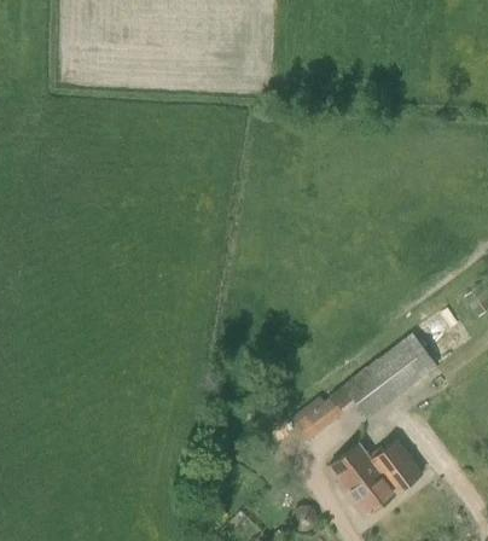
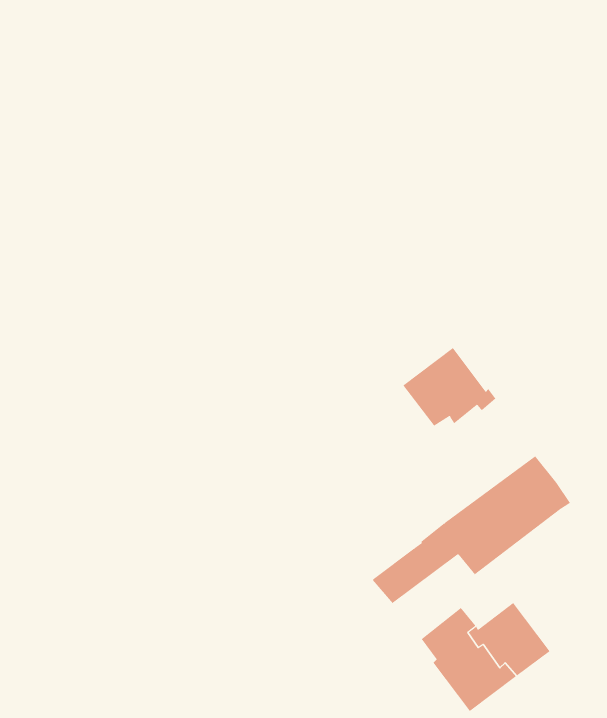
building: none -> [403,347,496,427]

